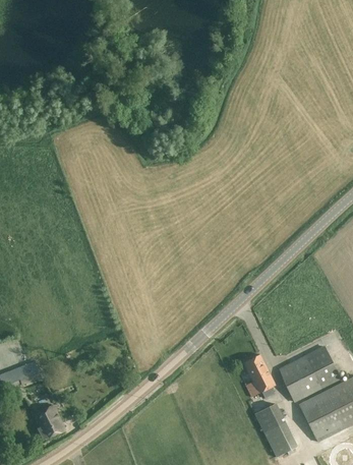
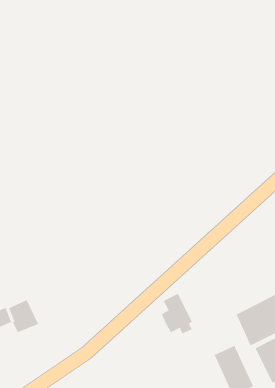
building: [241,354,275,398] -> [161,293,193,334]
building: [33,404,65,440] -> [8,299,39,333]

